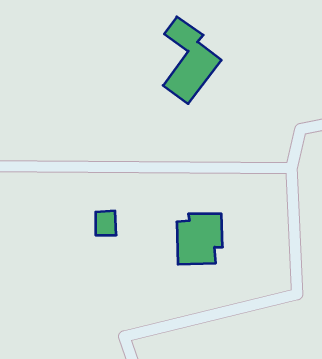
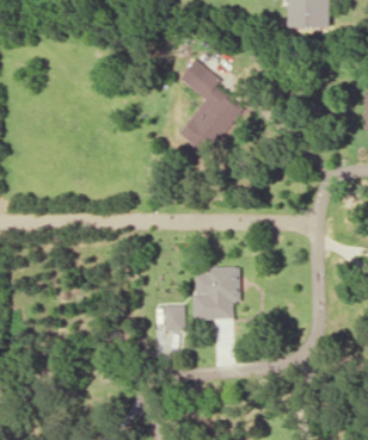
building: [96,211,116,235] -> [162,305,184,330]

